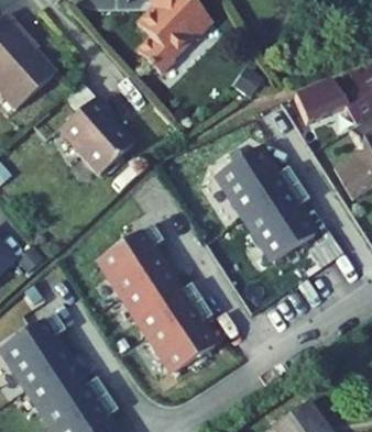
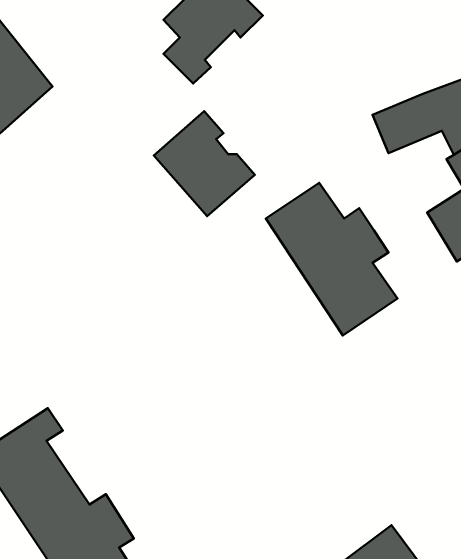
building: [59,98,134,176] -> [154,111,255,216]
building: [97,223,214,370] -> none

